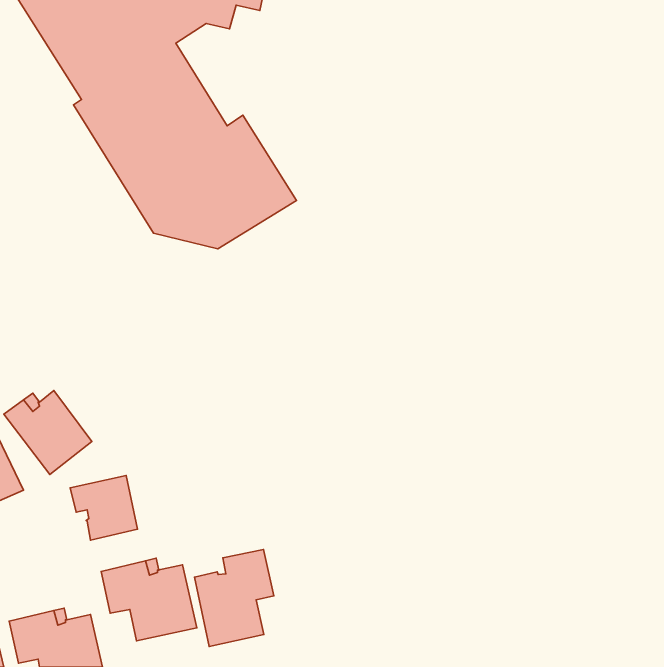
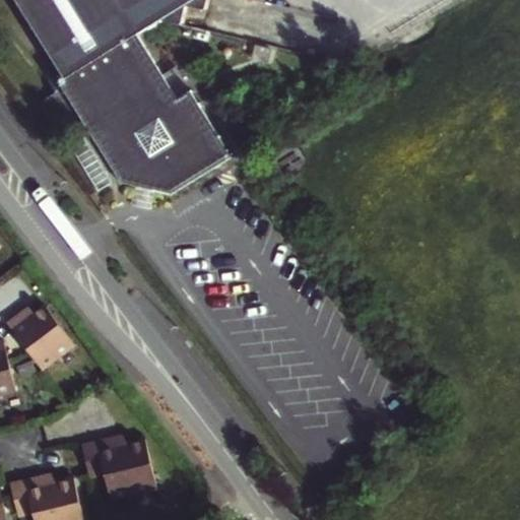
building: [70,475,138,540] -> none
building: [195,550,274,646] -> none

